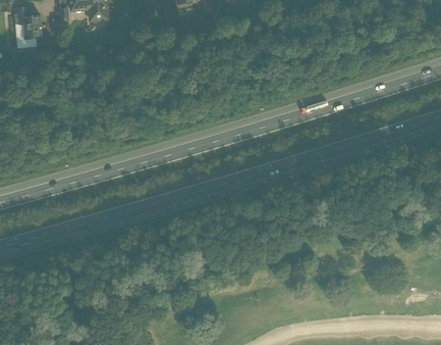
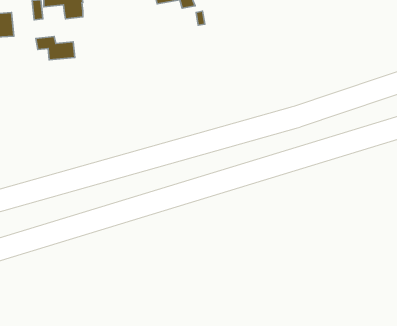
building: none -> [36,36,75,60]

